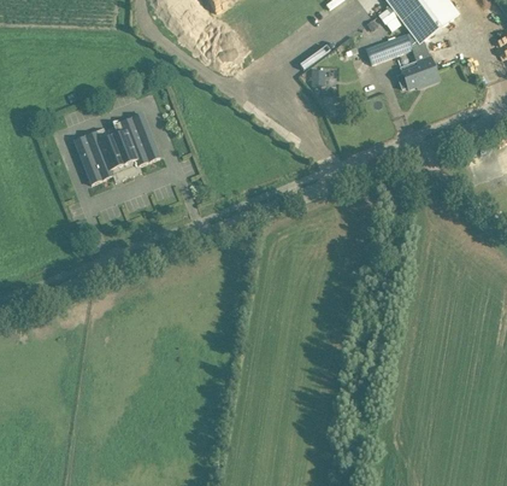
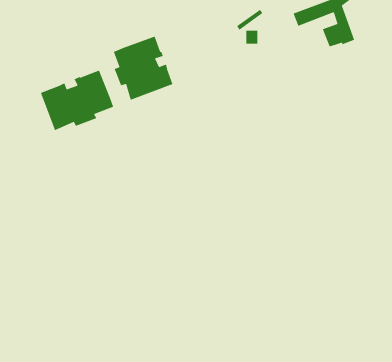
building: none -> [113,36,173,101]

